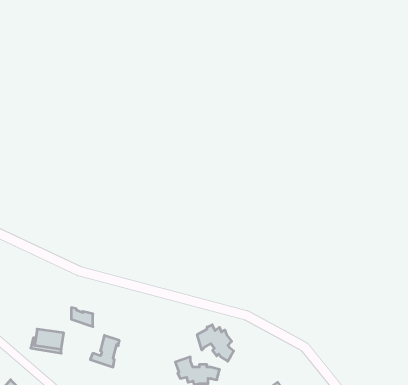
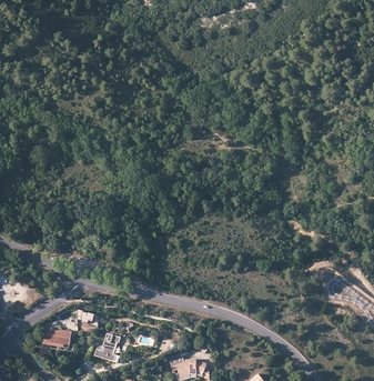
building: [197,325,234,361] -> none

